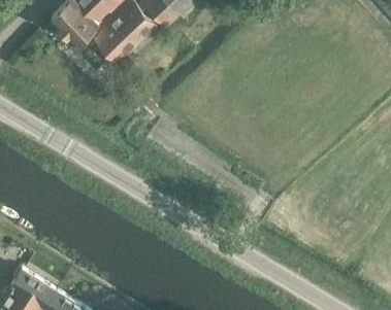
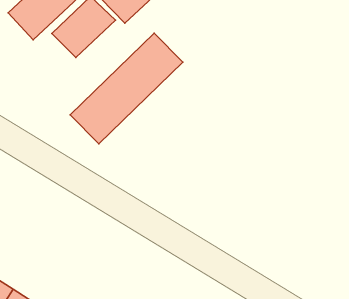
building: none -> [70,33,183,144]

